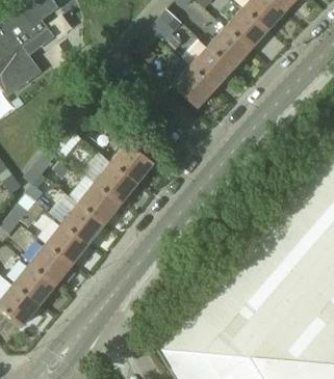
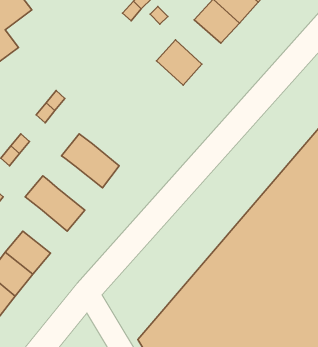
building: [190,47,233,88] -> none
building: [112,142,154,184] -> none
building: [70,177,122,225] -> none
building: [47,224,88,266] -> none

